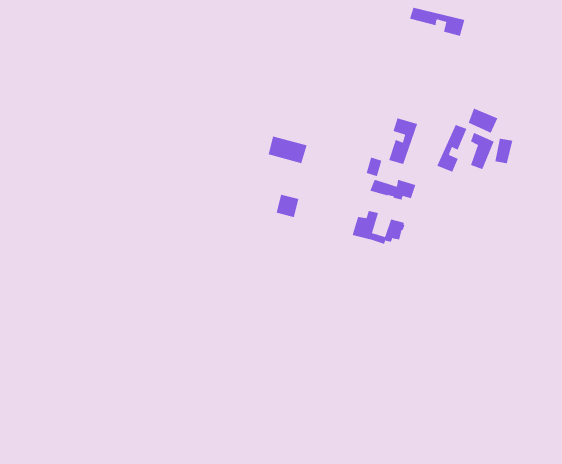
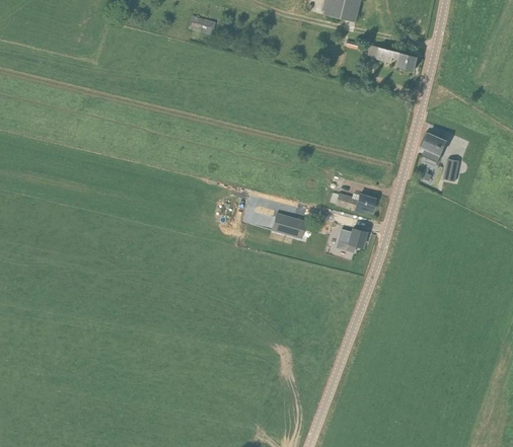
building: [389,117,418,165] -> none
building: [436,124,467,173] -> none
building: [268,136,308,164] -> [272,213,306,237]

